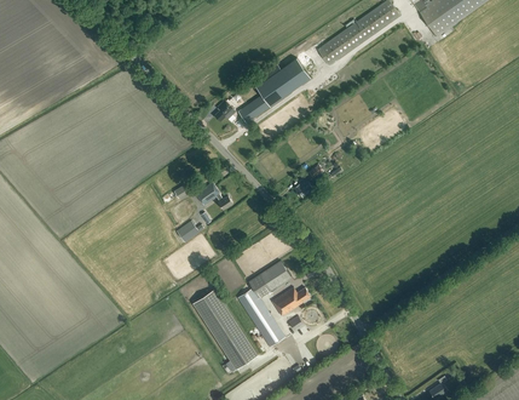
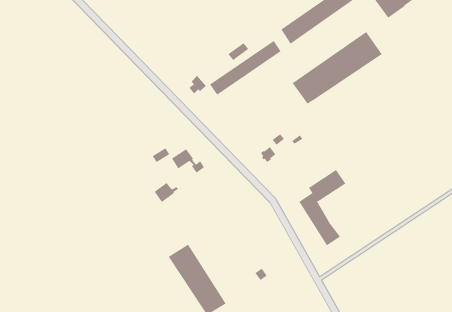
building: none -> [292,31,383,104]
building: [237,261,290,347] -> [299,169,346,246]
building: [271,286,310,315] -> none

